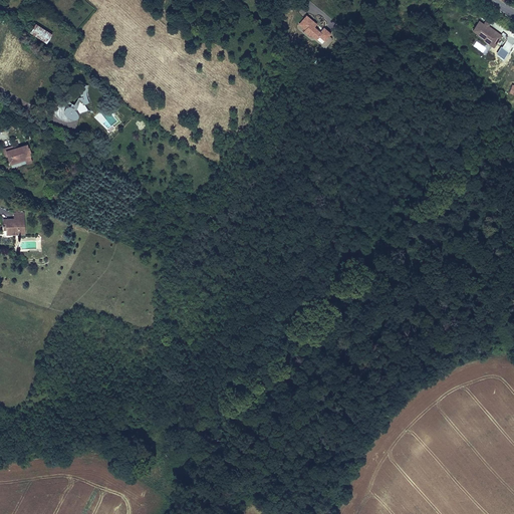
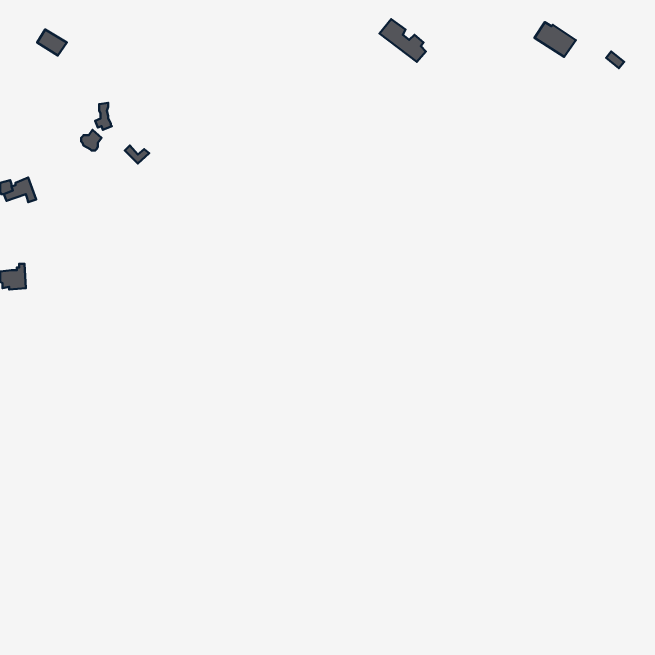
building: [472,22,504,49] -> [535,22,576,57]

